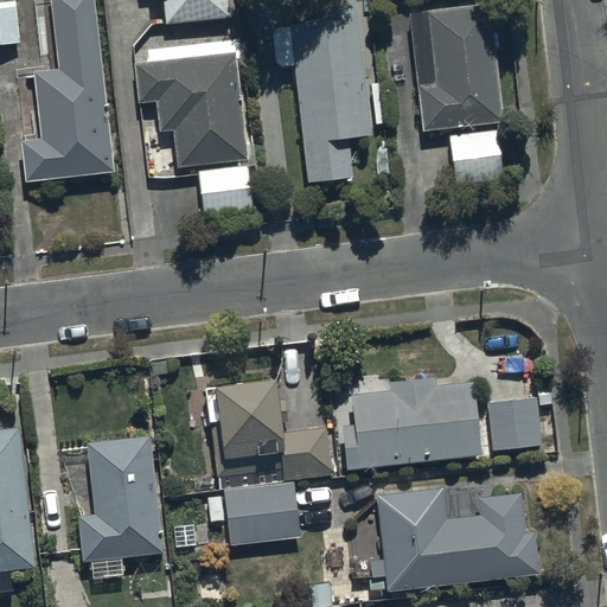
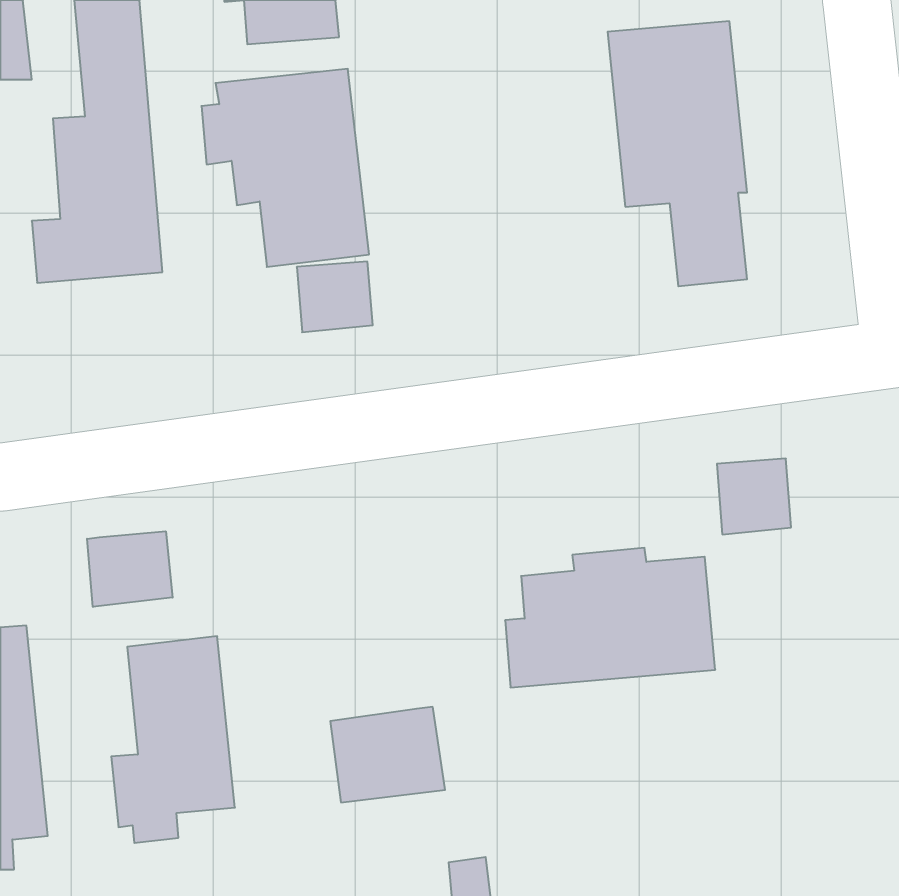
building: [274,25,369,199] -> none
building: none -> [87,531,173,607]
building: [204,368,332,480] -> none
building: [491,396,541,447] -> [717,459,791,534]
building: [370,485,538,586] -> none

